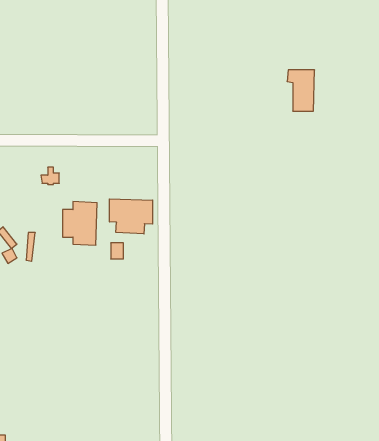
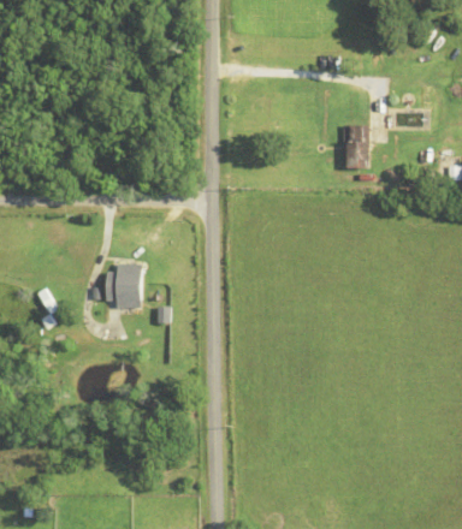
building: [110,199,153,234] -> none

